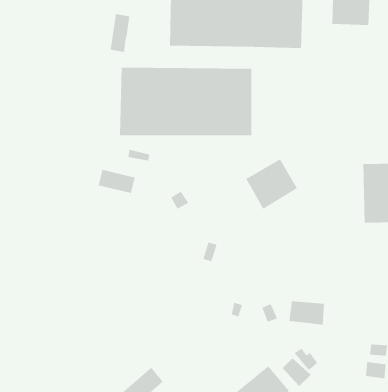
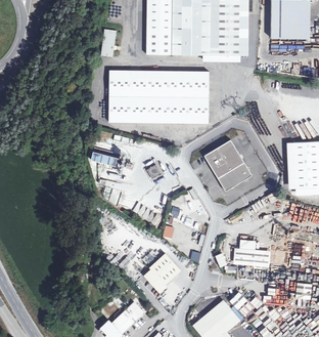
building: none -> [218,162,253,191]
building: none -> [142,251,179,290]

